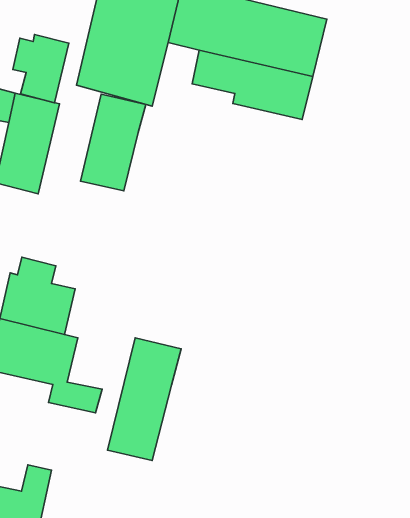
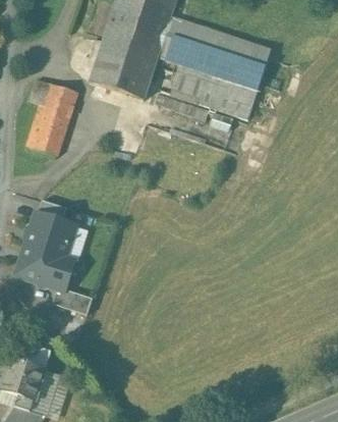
building: [13,34,69,103] -> none
building: [81,94,146,191] -> none
building: [107,338,181,460] -> none

